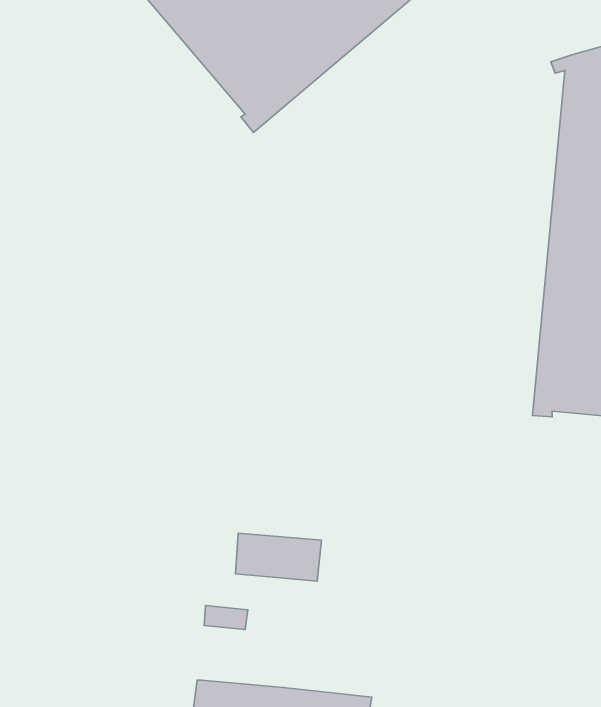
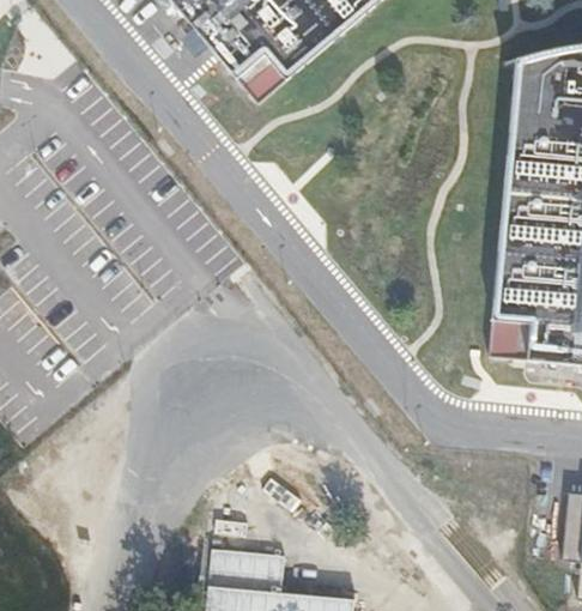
building: [235,533,321,581] -> [216,548,289,588]

